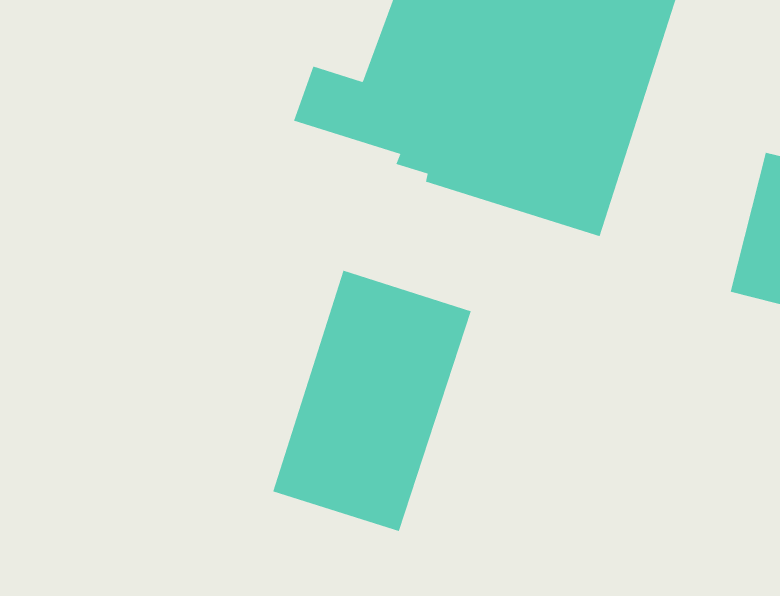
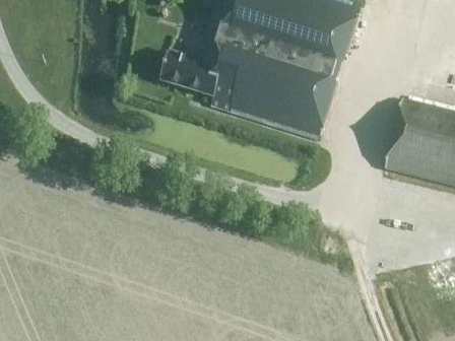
building: [272,270,471,532] -> none

